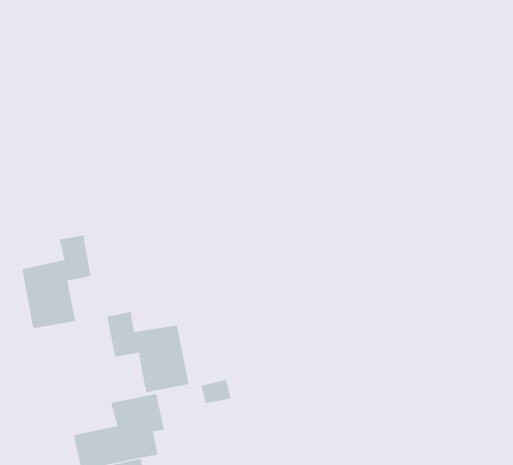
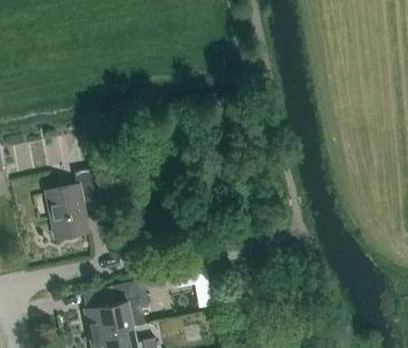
building: [106,311,189,393] -> none

